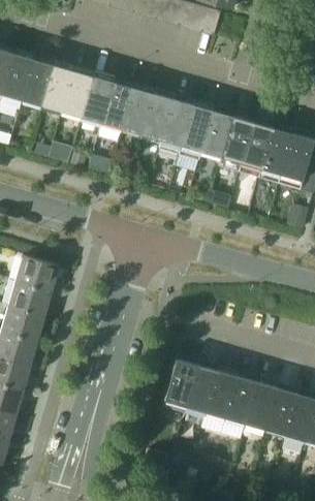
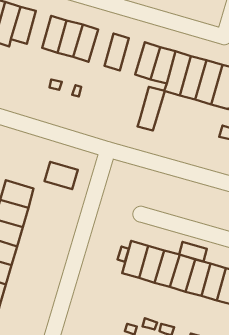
building: [42,64,73,112] -> none
building: [121,88,153,134] -> none
building: [158,99,193,155] -> [137,87,165,130]
building: [15,256,58,291] -> [45,162,78,189]
building: none -> [179,242,207,262]

